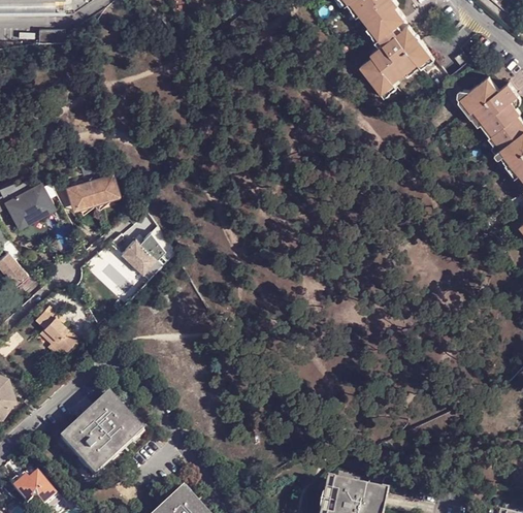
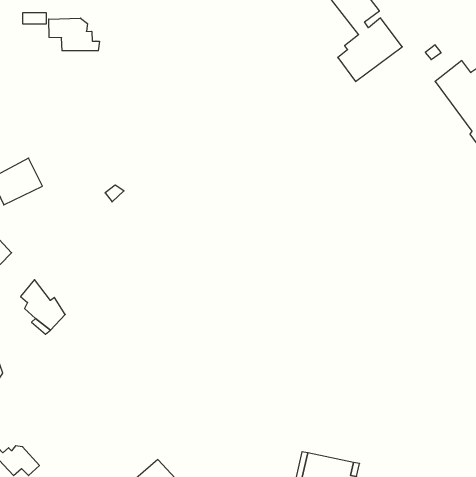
building: none -> [49,18,99,51]
building: [67,169,117,206] -> none
building: [117,232,161,274] -> none
building: [61,396,137,472] -> none

